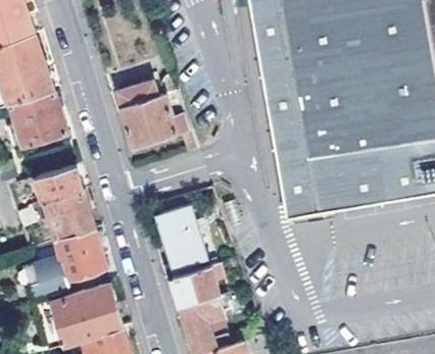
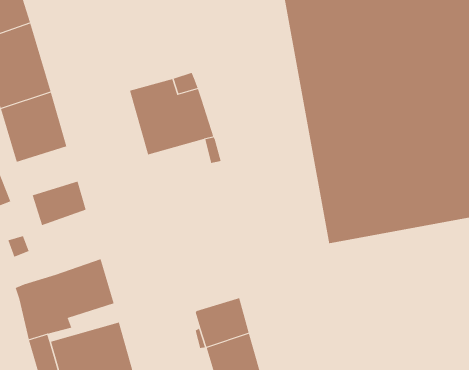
building: [44,191,94,245] -> none
building: [159,204,210,275] -> none

